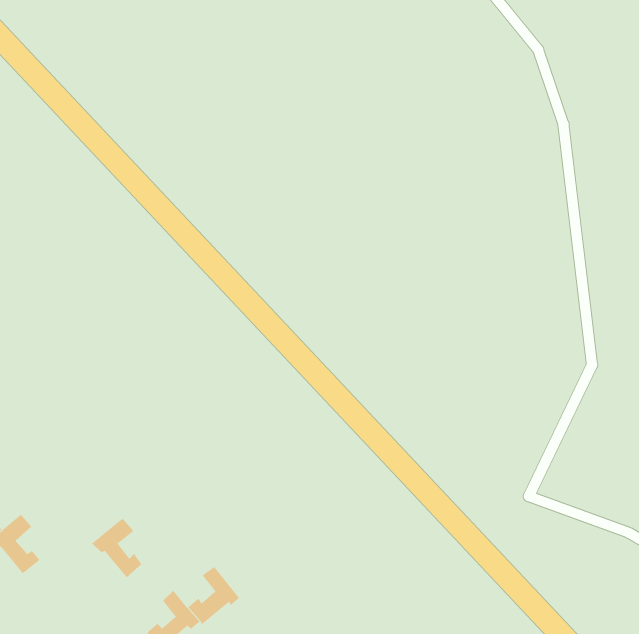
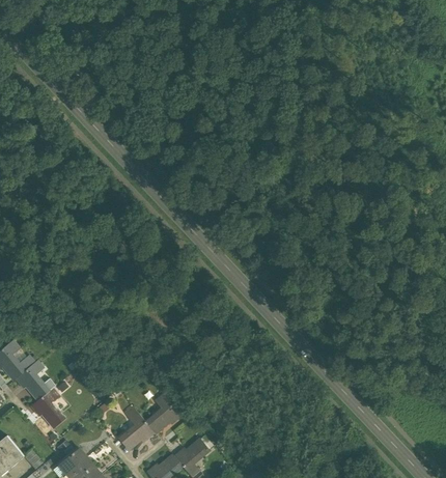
building: [91,518,142,578] -> [31,389,64,428]

